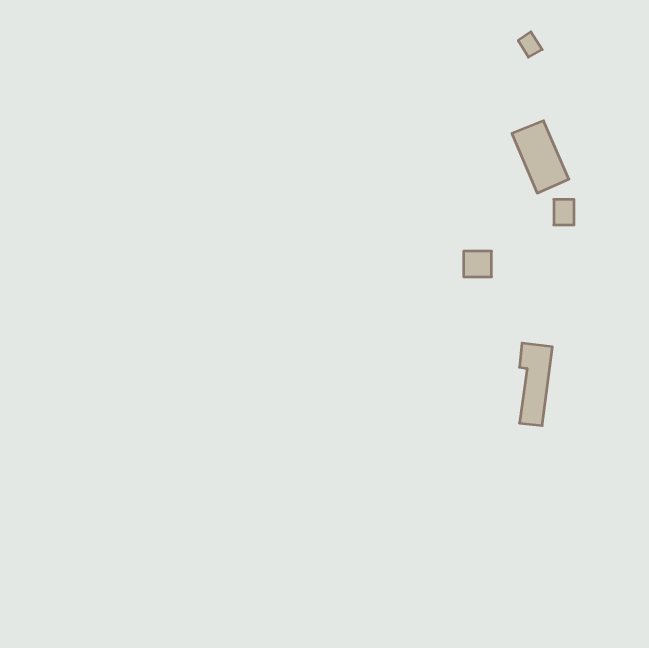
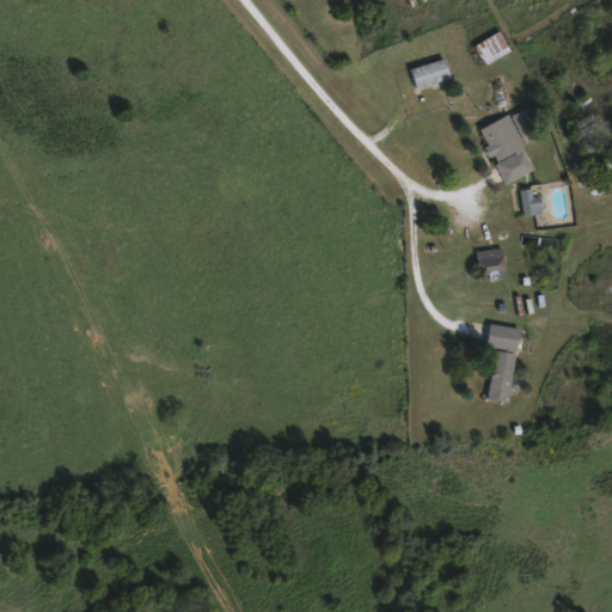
building: none -> [409,57,453,90]
building: [464,251,492,277] -> [478,249,504,273]

